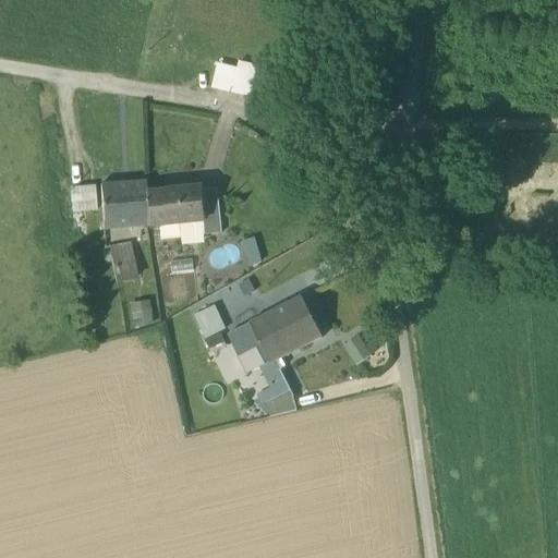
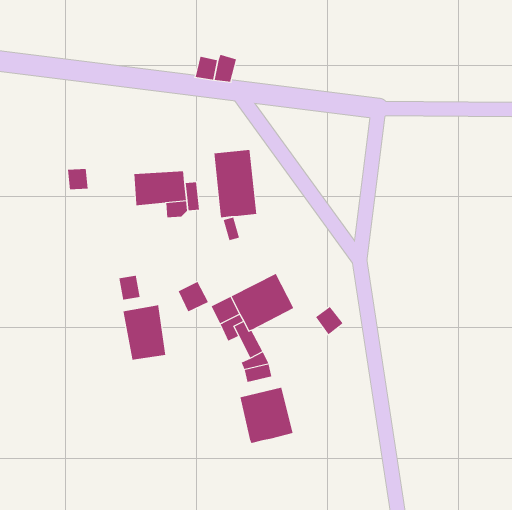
building: none -> [214,149,257,218]
building: [100,179,148,225] -> none
building: [106,239,137,277] -> none
building: none -> [123,304,166,361]
building: none -> [240,387,293,444]

